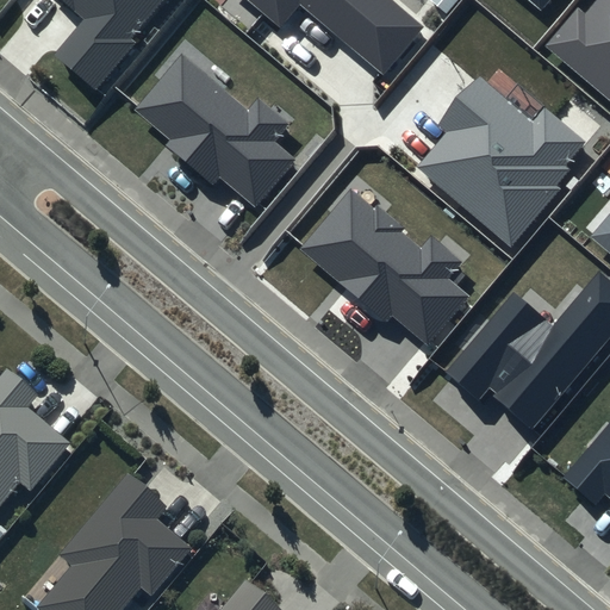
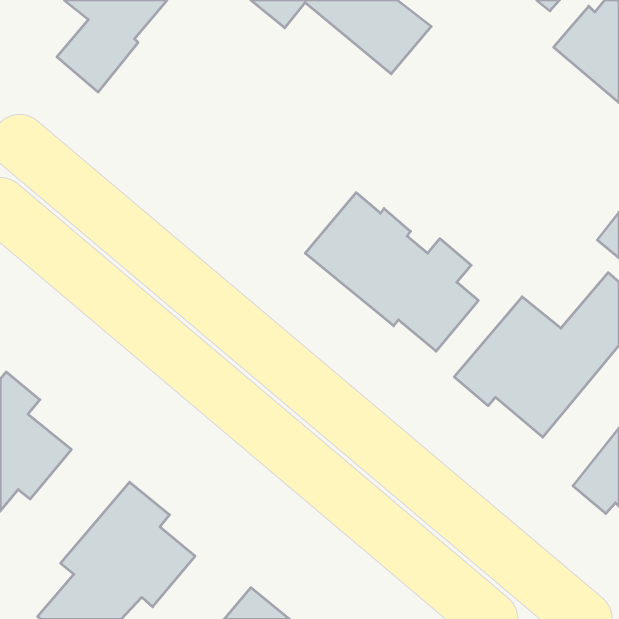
building: [133,54,293,205] -> none
building: [417,80,586,247] -> none

